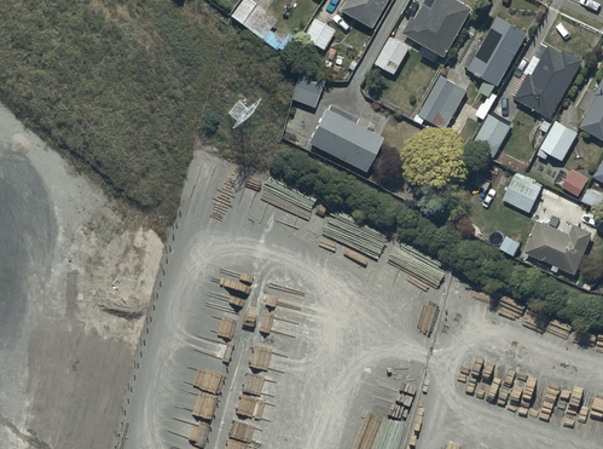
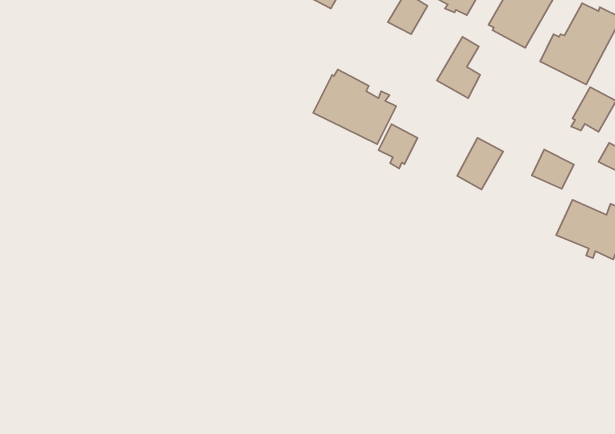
building: [290,71,324,108] -> none
building: [470,115,511,161] -> [457,138,503,189]
building: none -> [378,124,418,169]

